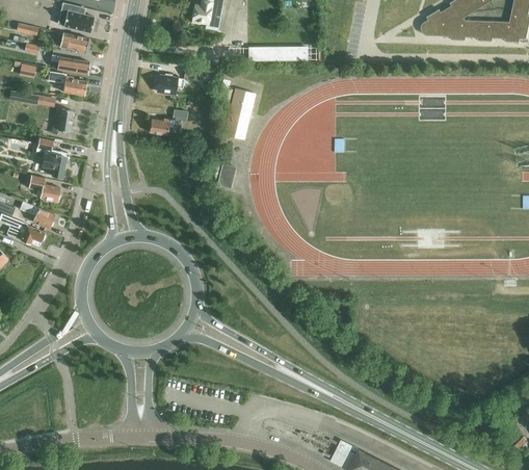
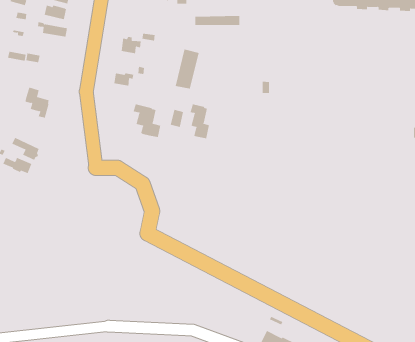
building: [49,71,87,95] -> none
building: [53,108,74,134] -> none
building: none -> [190,103,210,139]
building: none -> [133,104,161,138]
building: [29,175,59,202] -> none

